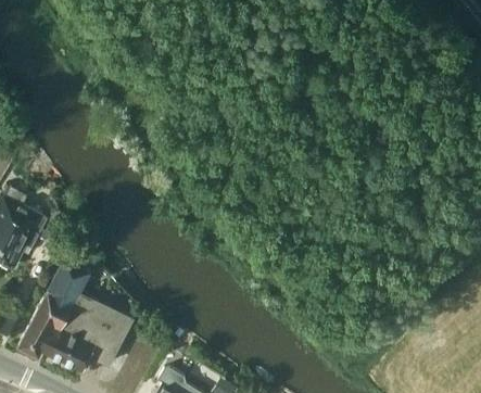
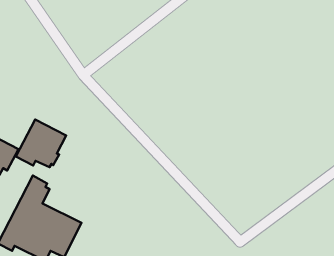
building: none -> [16,119,66,167]

